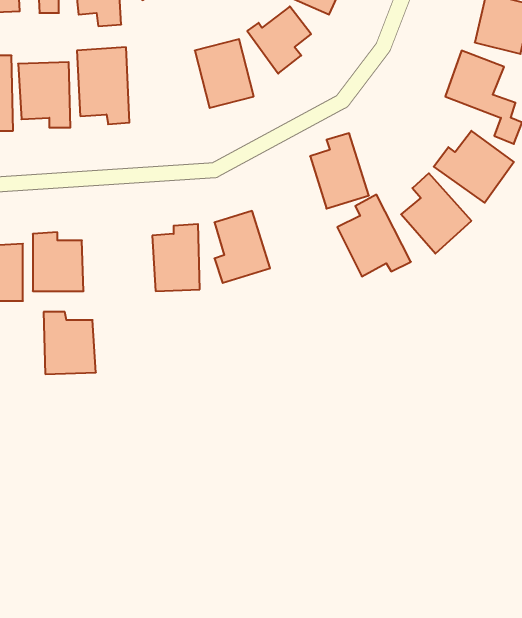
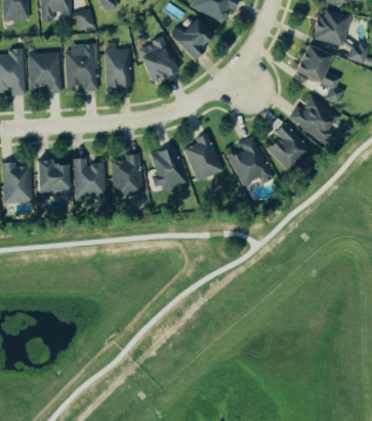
building: none -> [105,44,131,87]
building: [310,133,369,209] -> [184,133,221,180]
building: [44,312,96,374] -> [73,158,106,197]

